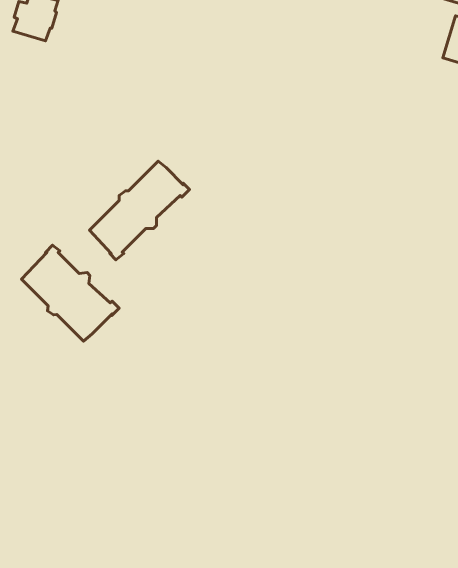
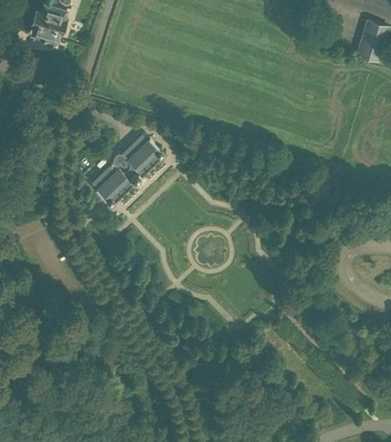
building: [22,245,119,341] -> none

